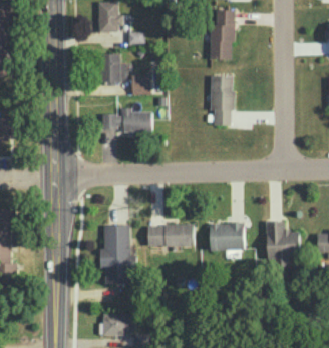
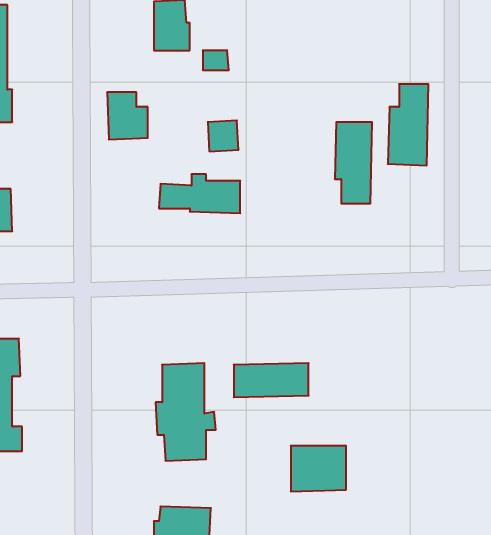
building: [209,10,234,60] -> [388,84,428,165]
building: [101,54,126,83] -> [107,92,148,139]
building: [267,221,300,266] -> none
building: [210,223,244,251] -> [291,446,346,491]

